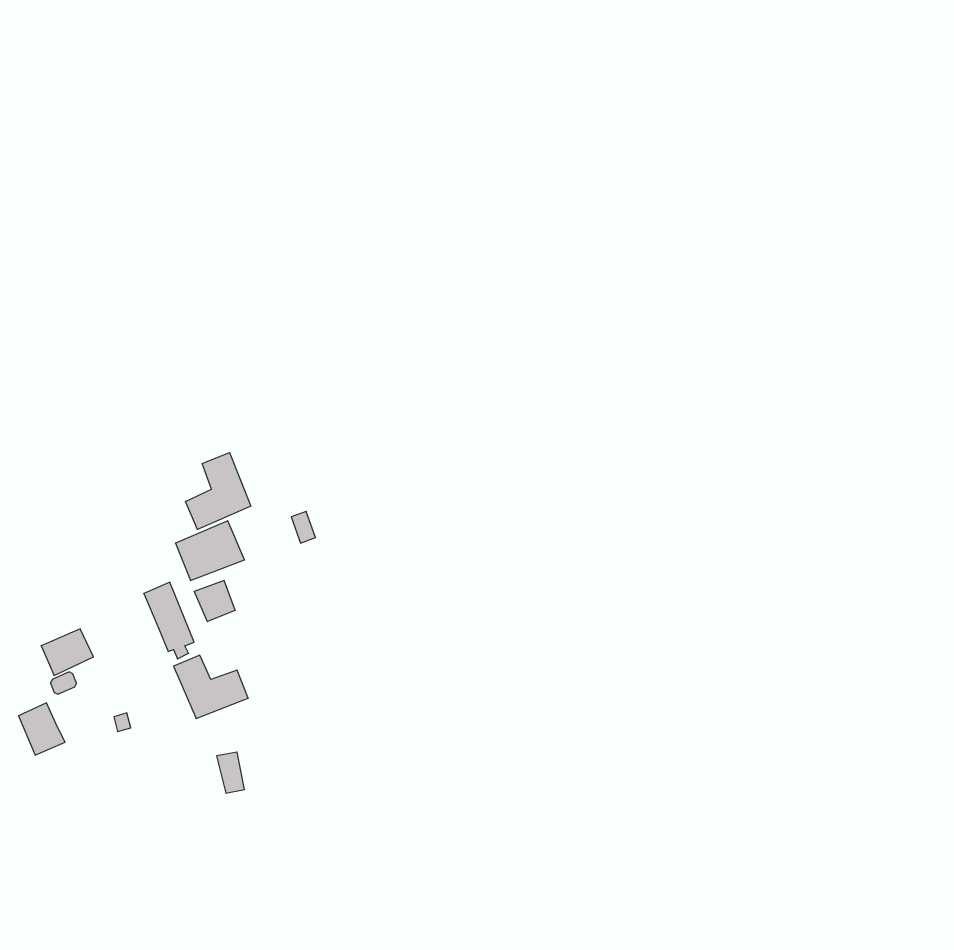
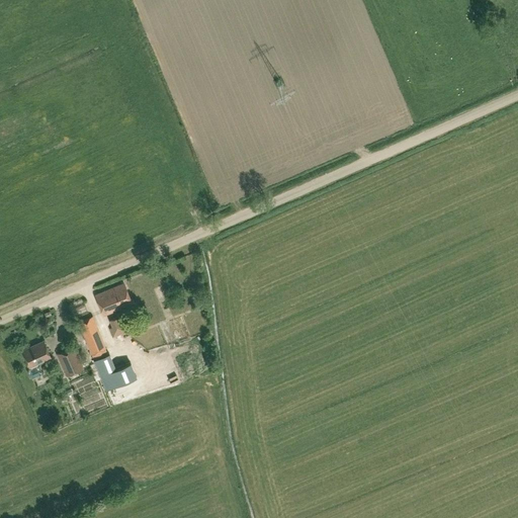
building: [185,453,251,529] -> none
building: [18,703,65,755] -> [58,348,83,376]

